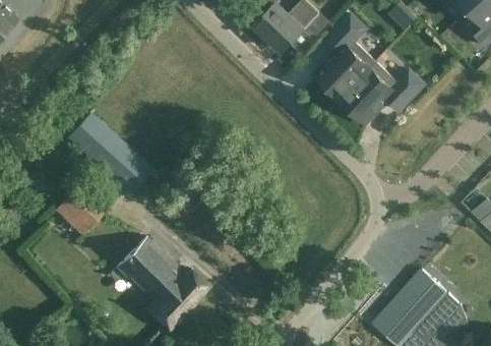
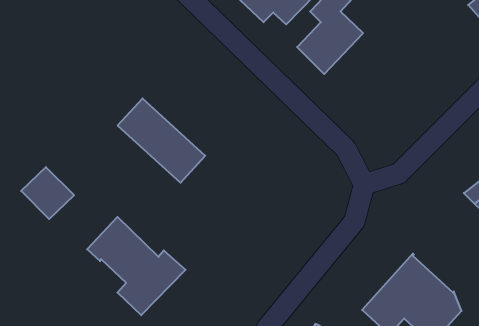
building: [339,61,423,124] -> none
building: [66,113,148,192] -> [118,98,205,183]

